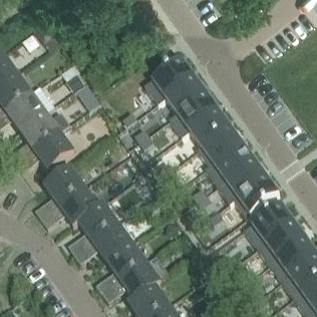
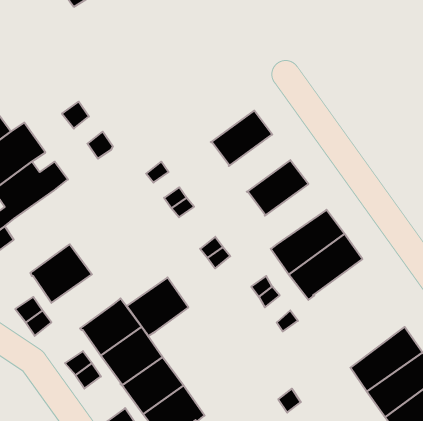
building: [144,57,194,103] -> none
building: [169,92,218,136] -> none
building: [197,125,242,166] -> none
building: [33,129,74,170] -> none
building: [233,176,279,218] -> none
building: [58,186,99,225] -> [127,277,188,336]
building: [244,203,294,248] -> none

